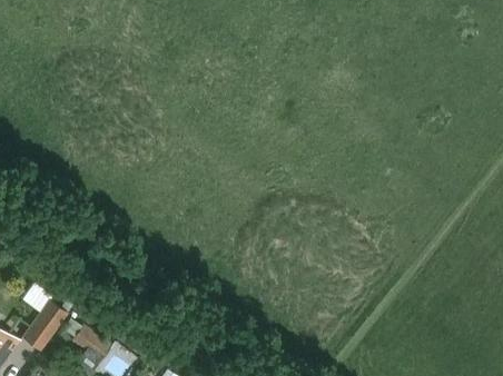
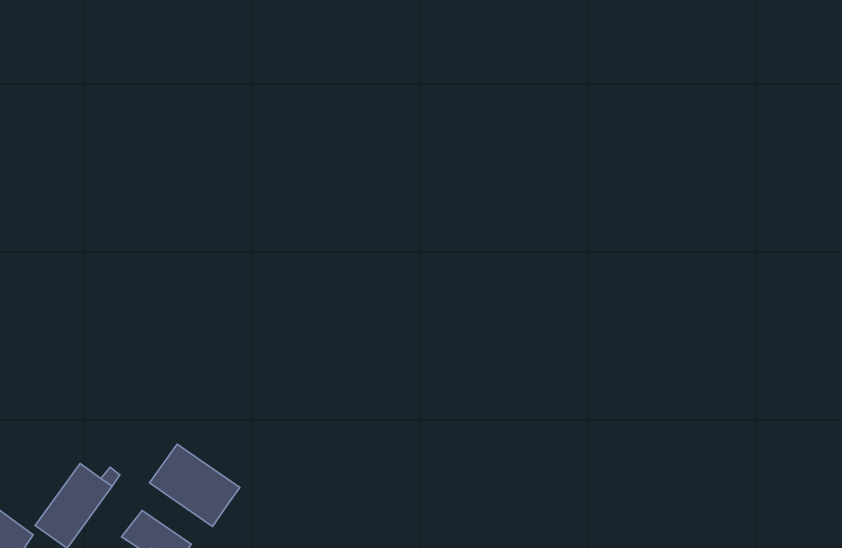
building: none -> [149,444,240,526]

